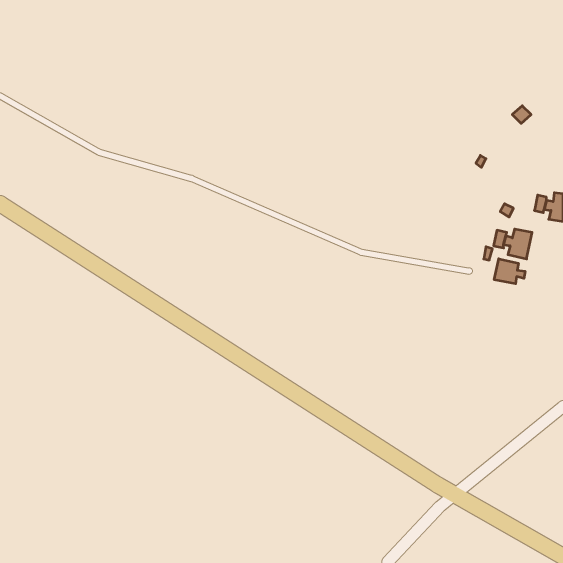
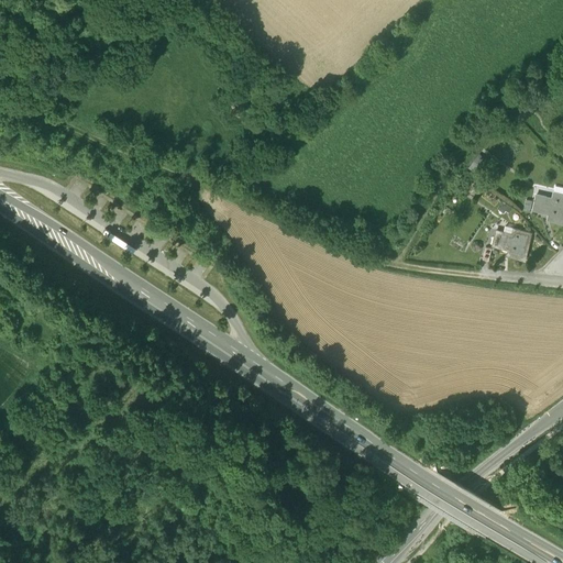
building: [494,259,525,284] -> none

